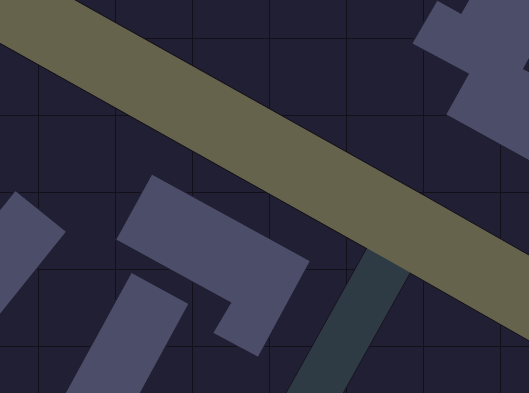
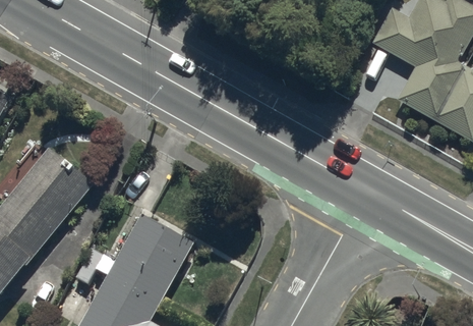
building: [116,174,310,357] -> none

